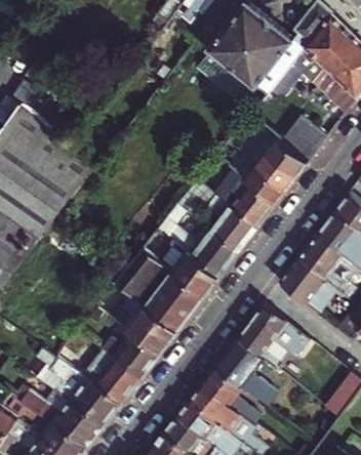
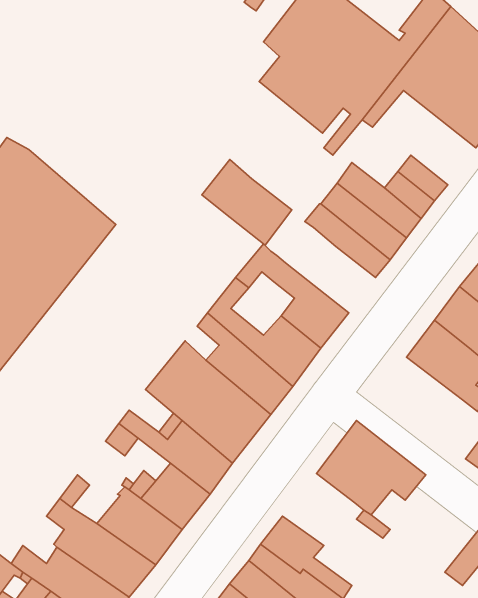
building: [214,167,277,226] -> [202,160,292,245]
building: [280,257,337,312] -> none
building: [212,338,276,408] -> none

